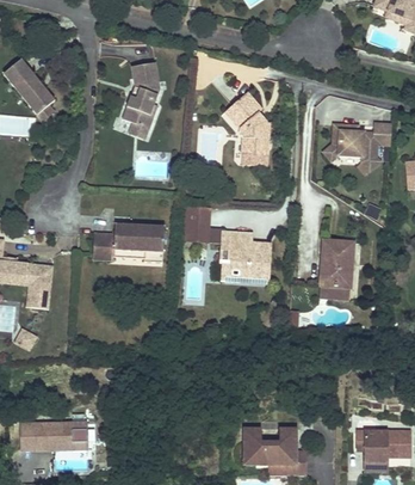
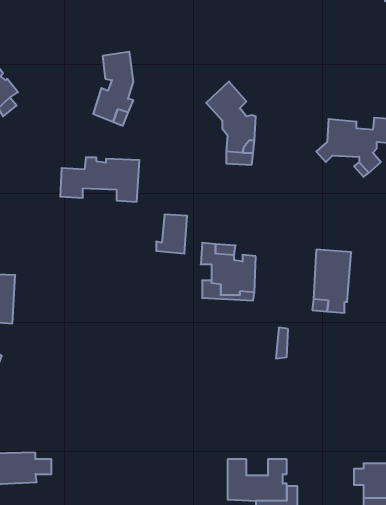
building: [95,223,166,263] -> [60,157,139,202]

